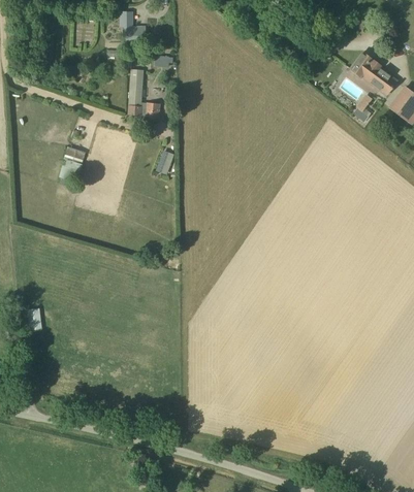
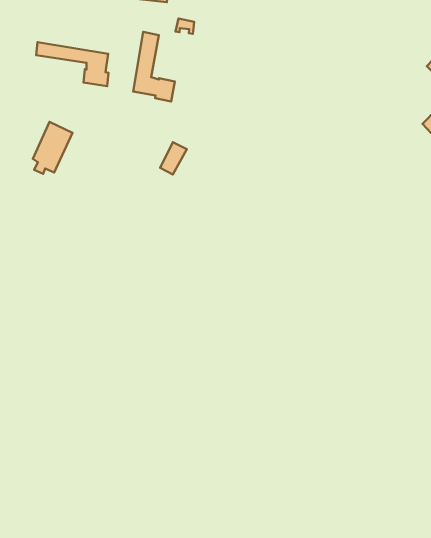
building: none -> [36,42,109,86]

